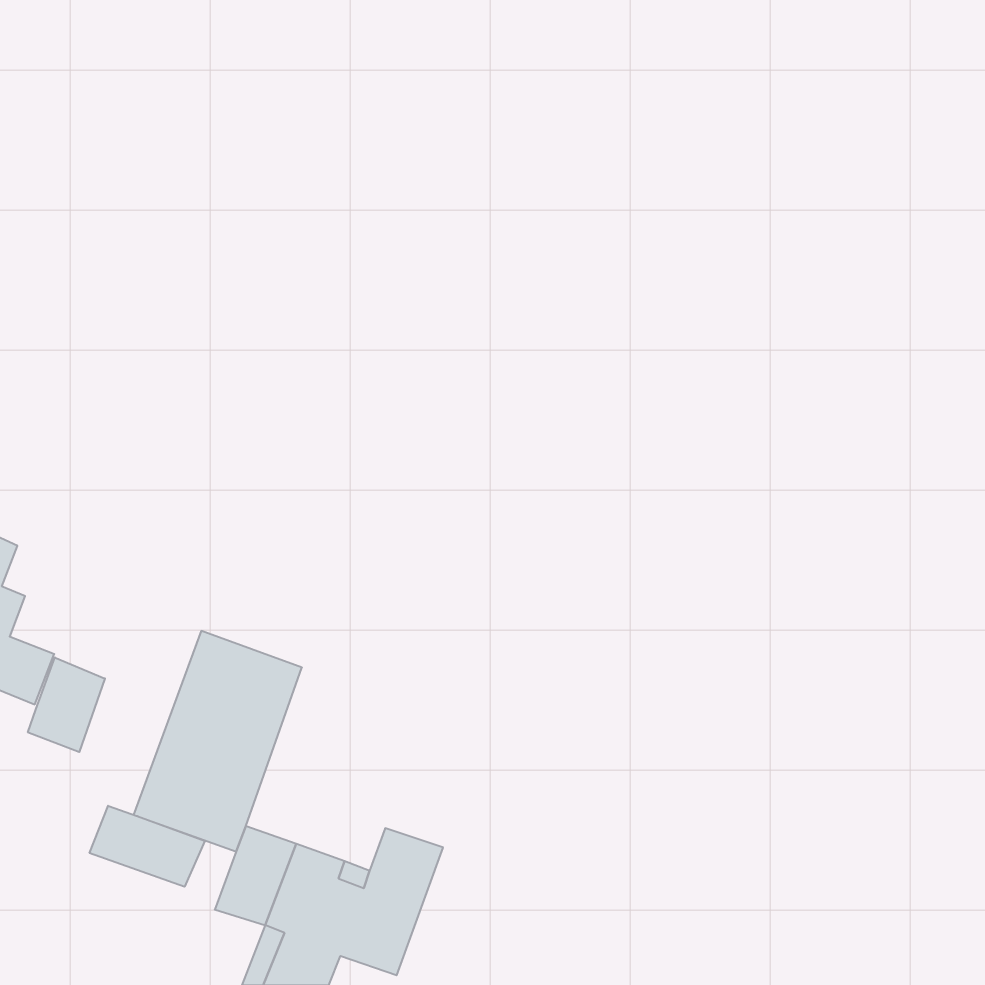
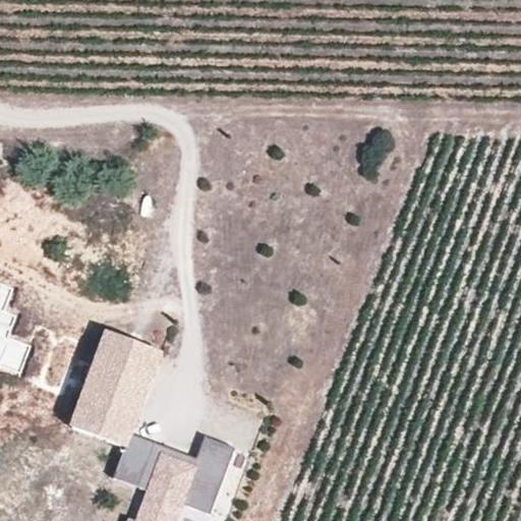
building: [28,657,105,752] -> none
building: [90,806,205,887] -> none

